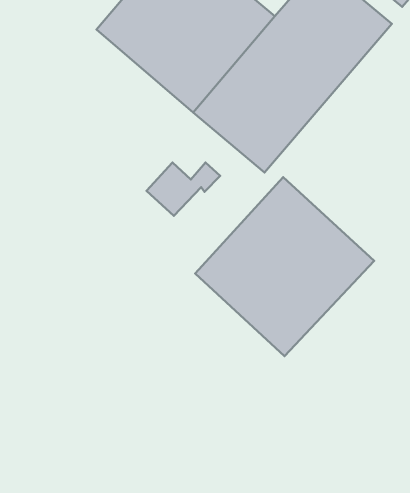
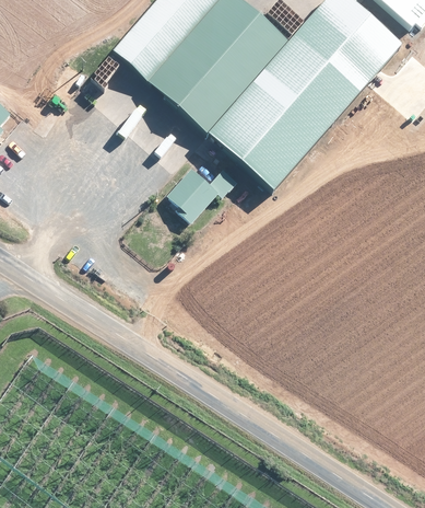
building: [195,177,374,356] -> none

